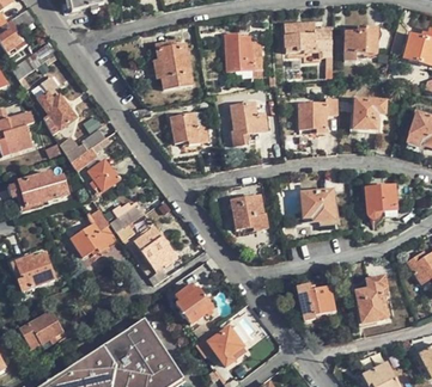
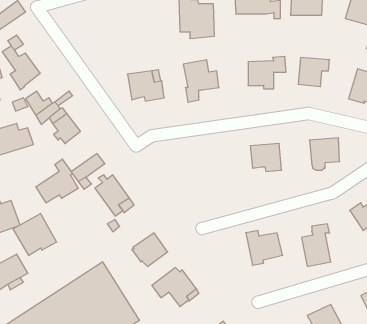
building: [156,44,194,91] -> none
building: [230,196,267,231] -> none
building: none -> [13,213,57,256]

